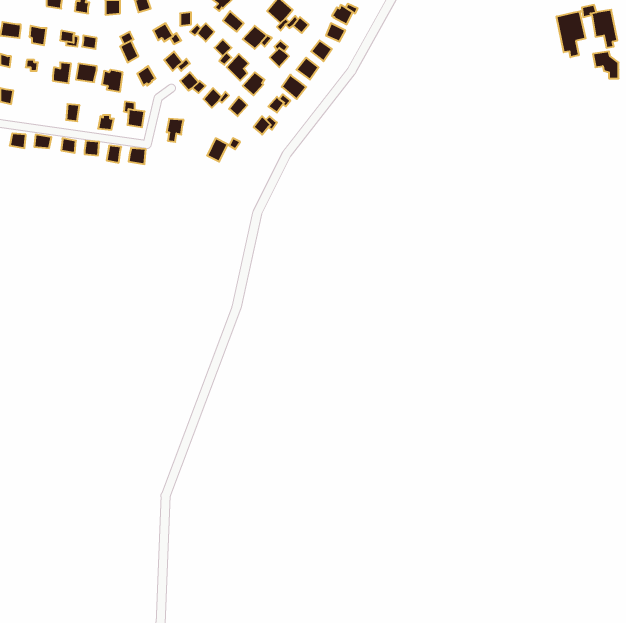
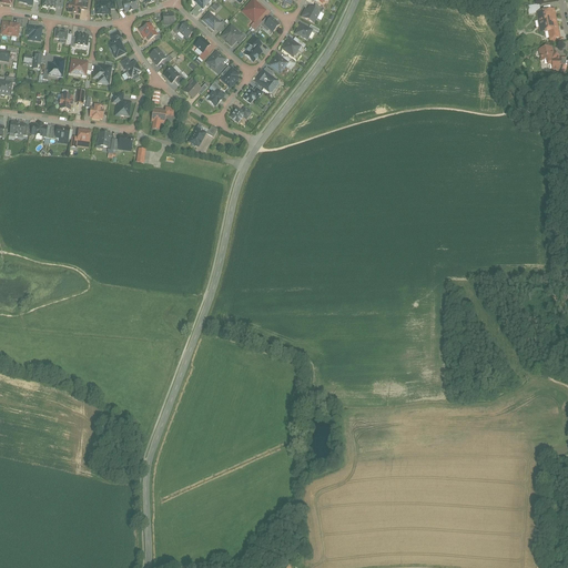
building: [557,11,586,57] -> none

